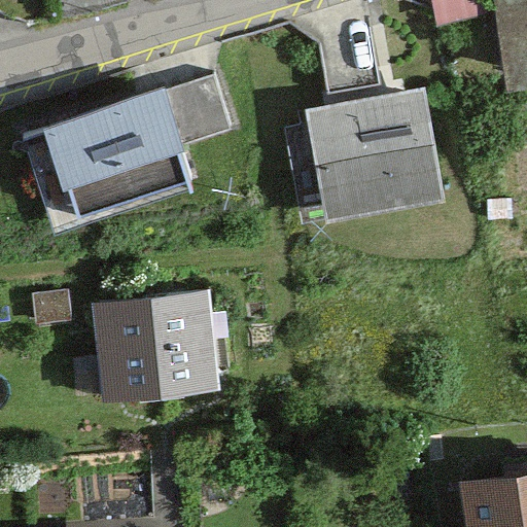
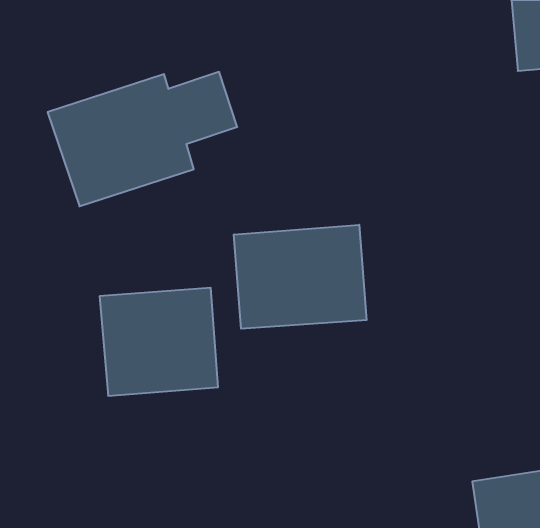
building: [308,97,442,222] -> none
building: none -> [234,225,367,329]

